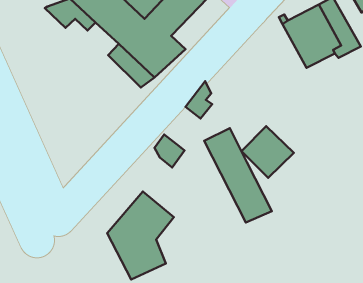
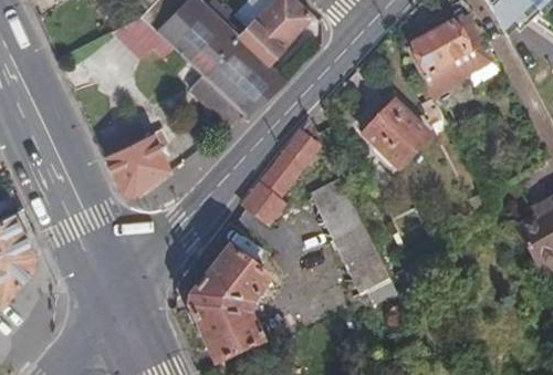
building: none -> [103,132,169,195]
building: none -> [258,150,303,199]
building: [241,126,294,178] -> [363,102,428,166]

